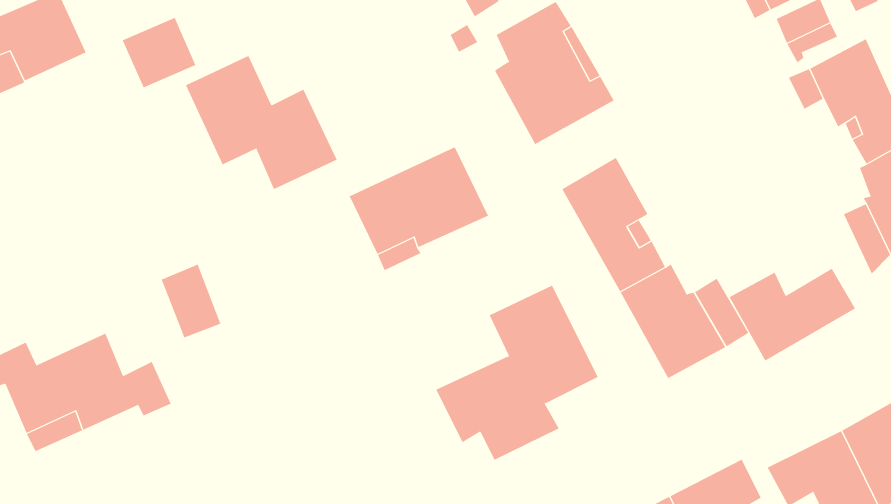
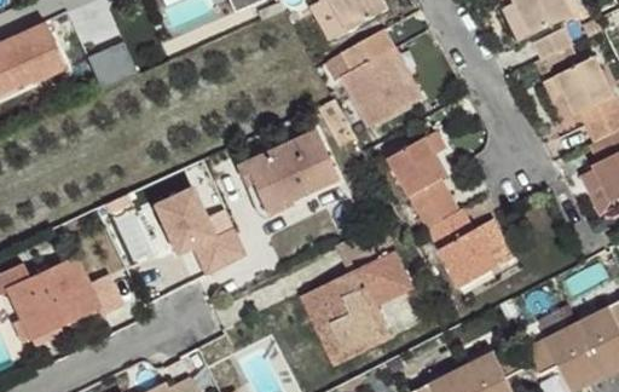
building: [185,55,337,190] -> [145,181,249,273]
building: [729,268,856,361] -> none
building: none -> [319,322,393,364]

